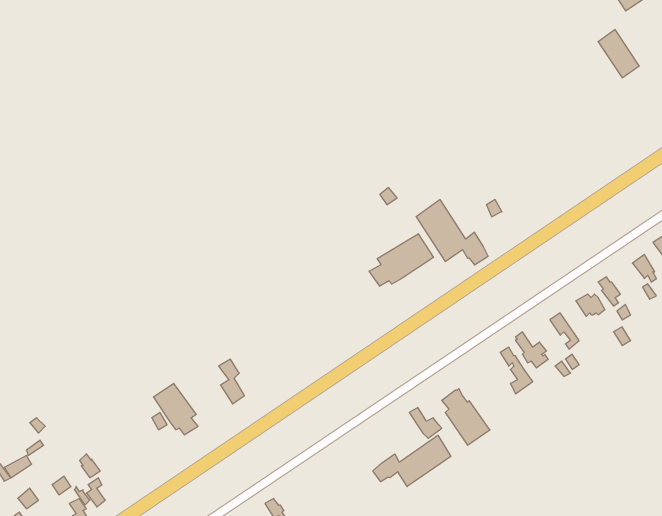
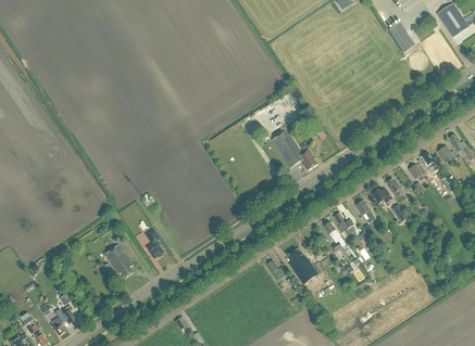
building: [369,234,434,286] -> none
building: [373,435,451,487] -> none

